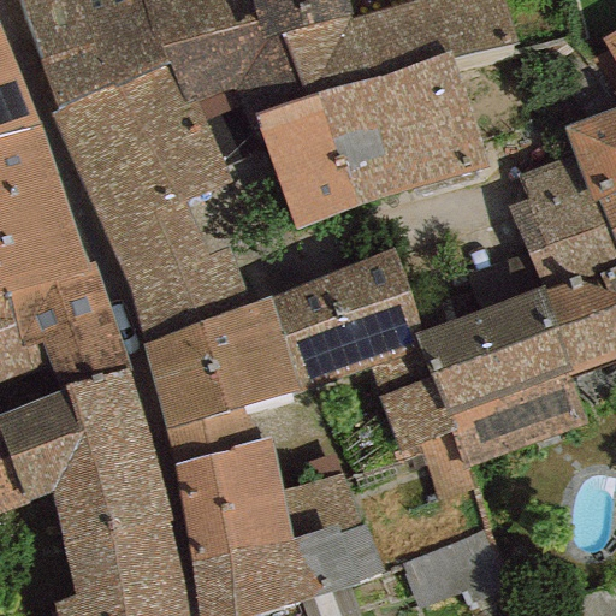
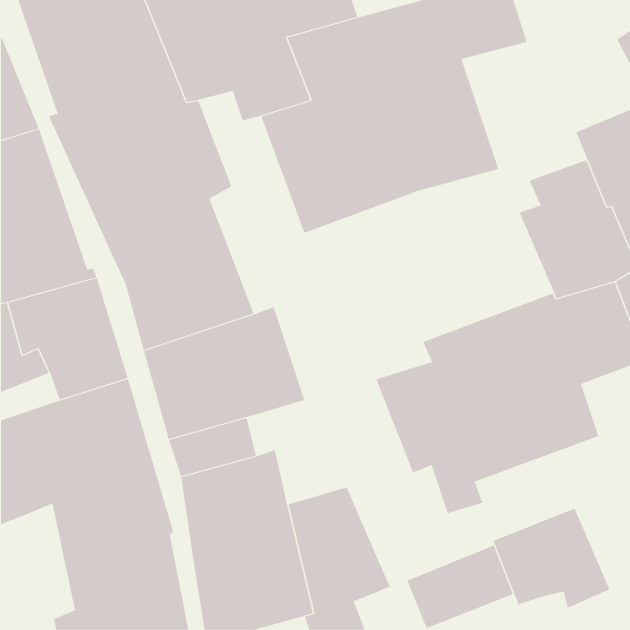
building: [268,248,421,390] -> none
building: none -> [493,508,610,608]

